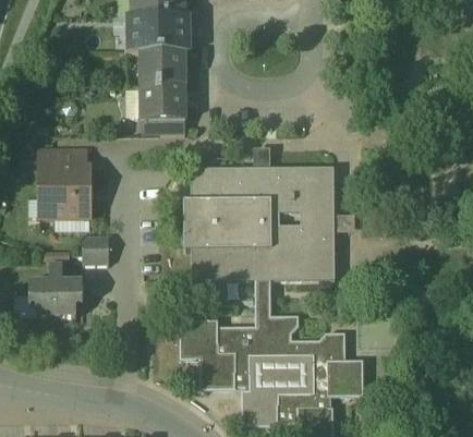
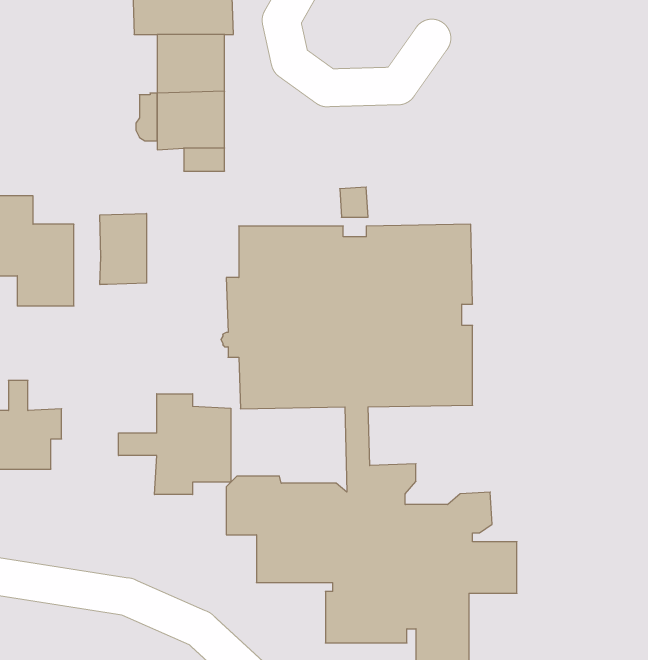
building: none -> [100,213,146,285]
building: [82,234,108,263] -> none
building: none -> [119,394,231,495]

